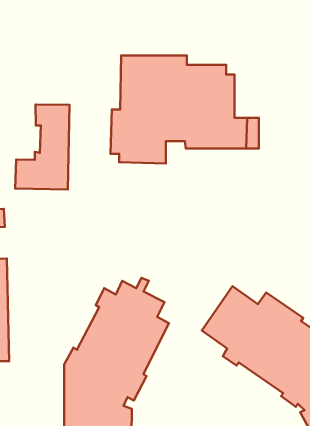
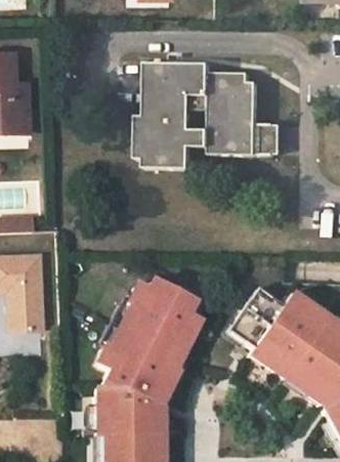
building: [15,105,70,190] -> none

